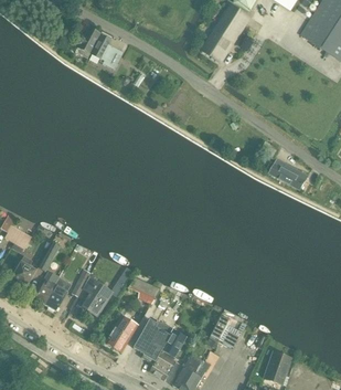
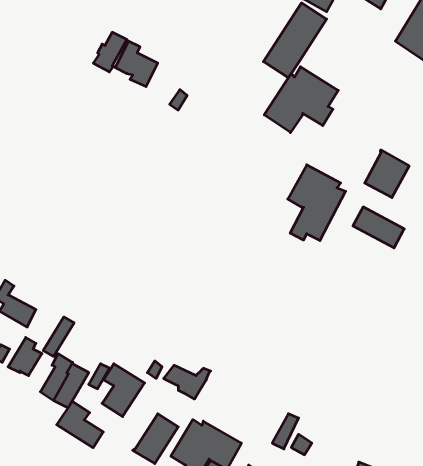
building: none -> [264,67,338,133]
building: none -> [365,150,409,198]
building: none -> [288,165,346,241]
building: none -> [57,402,103,448]

